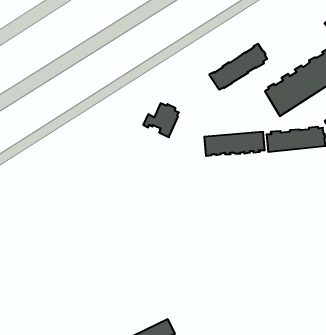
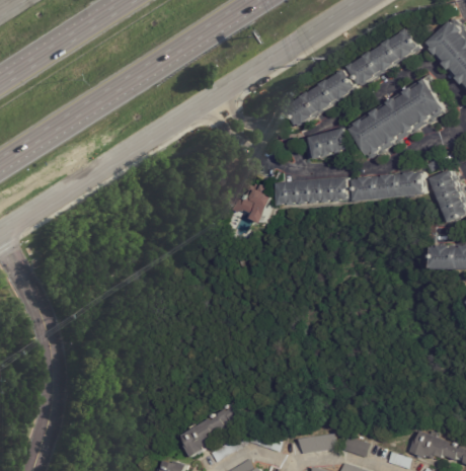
building: none -> [347,28,418,85]
building: none -> [299,127,349,159]
building: [143,103,179,137] -> [230,183,274,225]

